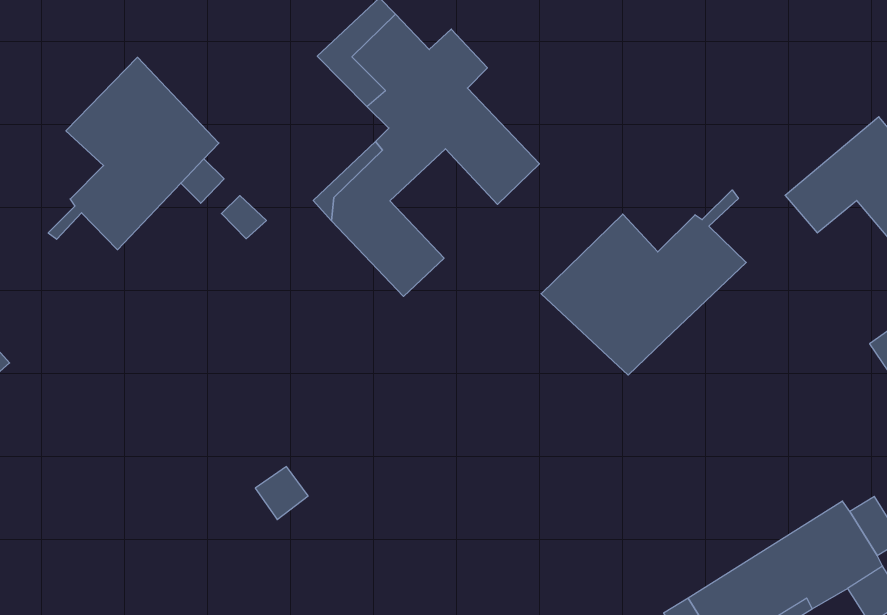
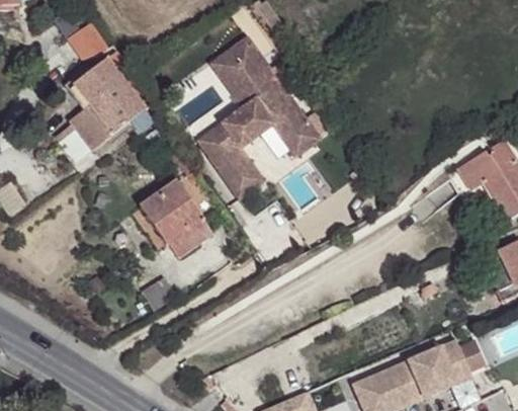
building: none -> [68,21,107,57]
building: [541,190,746,375] -> none
building: none -> [139,180,211,256]

